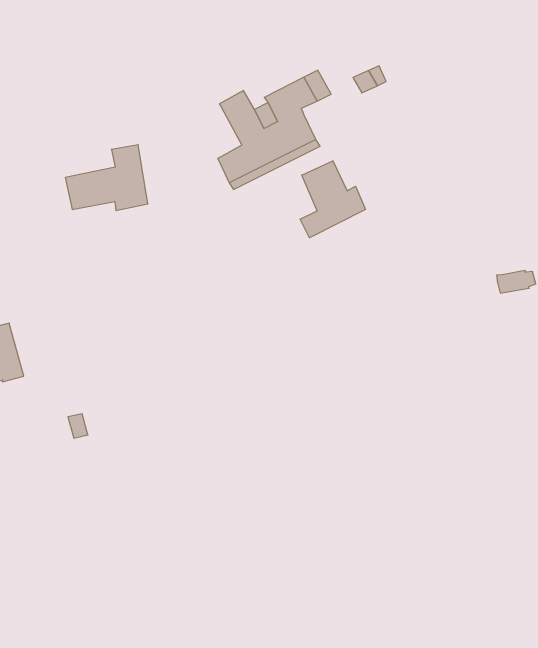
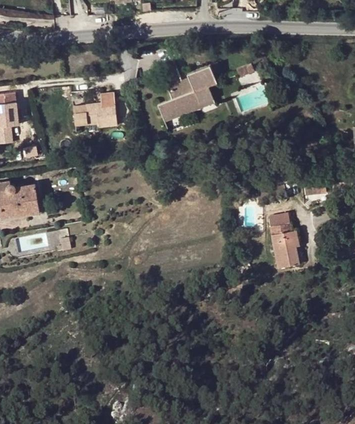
building: [300,161,365,238] -> none
building: none -> [269,215,299,268]

